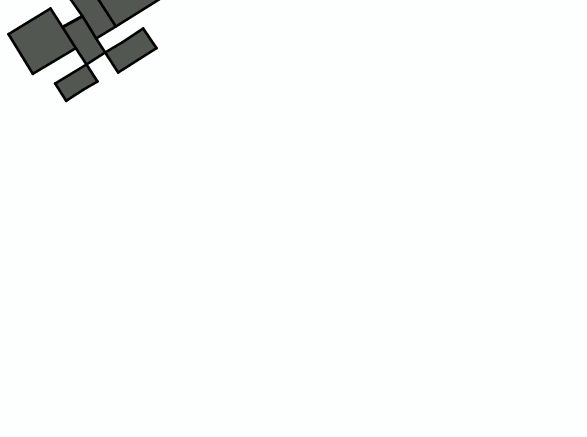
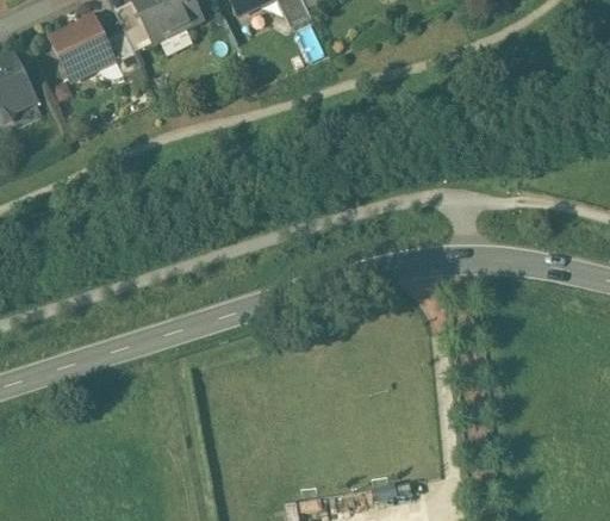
building: [105,28,156,72] -> none
building: [55,64,97,101] -> none

